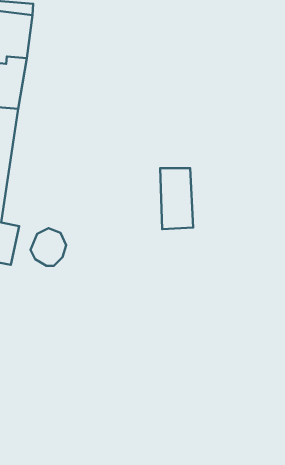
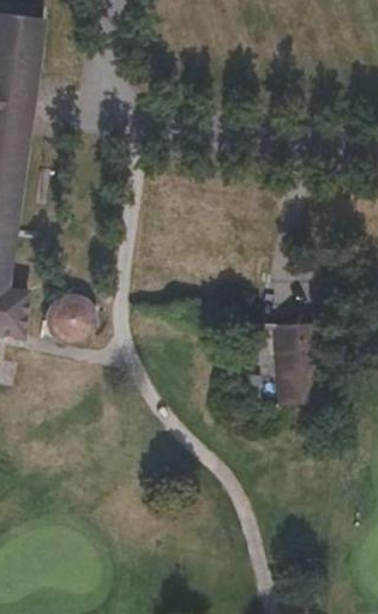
building: [160,168,193,229] -> [271,325,313,403]

